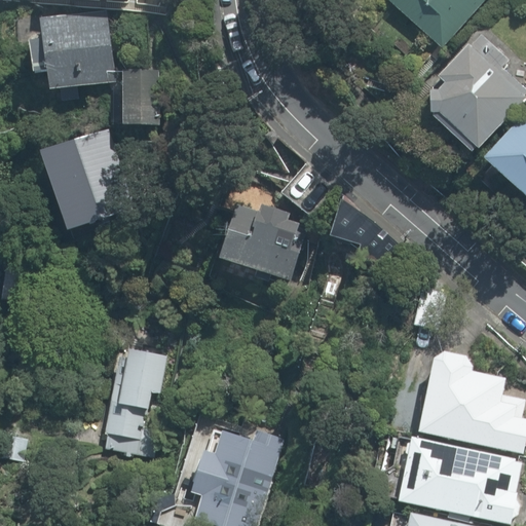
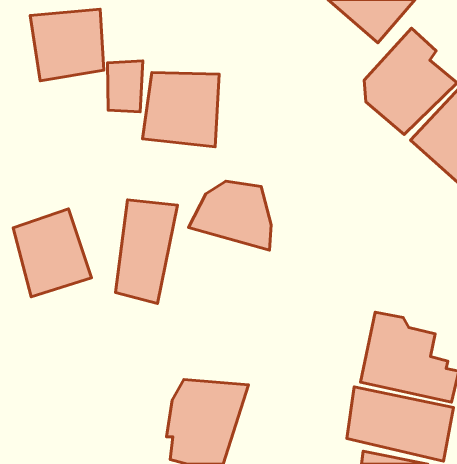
building: none -> [143,73,219,147]
building: [51,129,140,229] -> [13,209,91,297]
building: [335,193,380,249] -> none
building: [99,341,168,458] -> [116,200,178,303]

